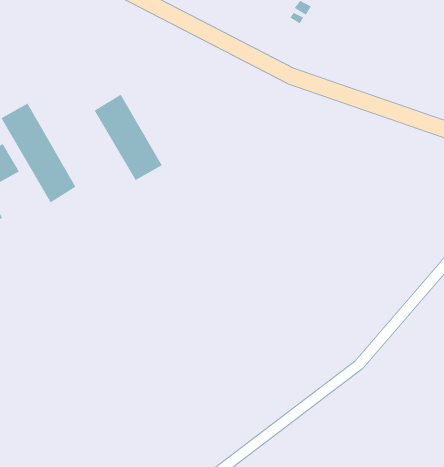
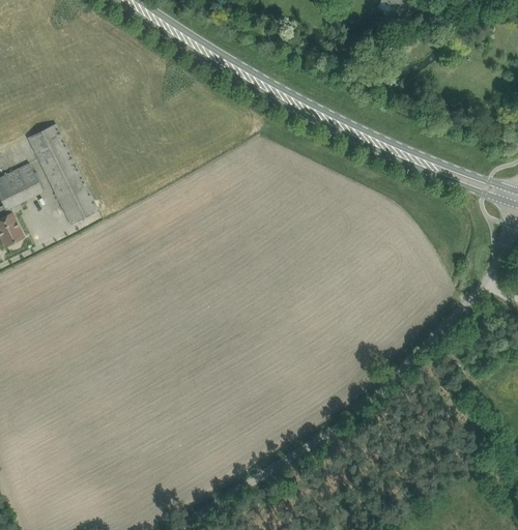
building: [94,94,163,181] -> none

